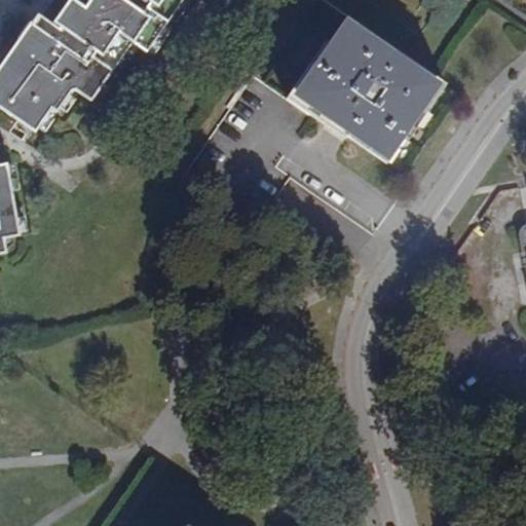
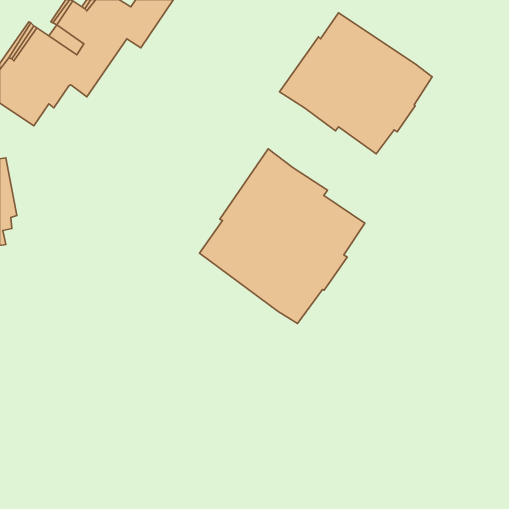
building: none -> [199,149,365,323]

